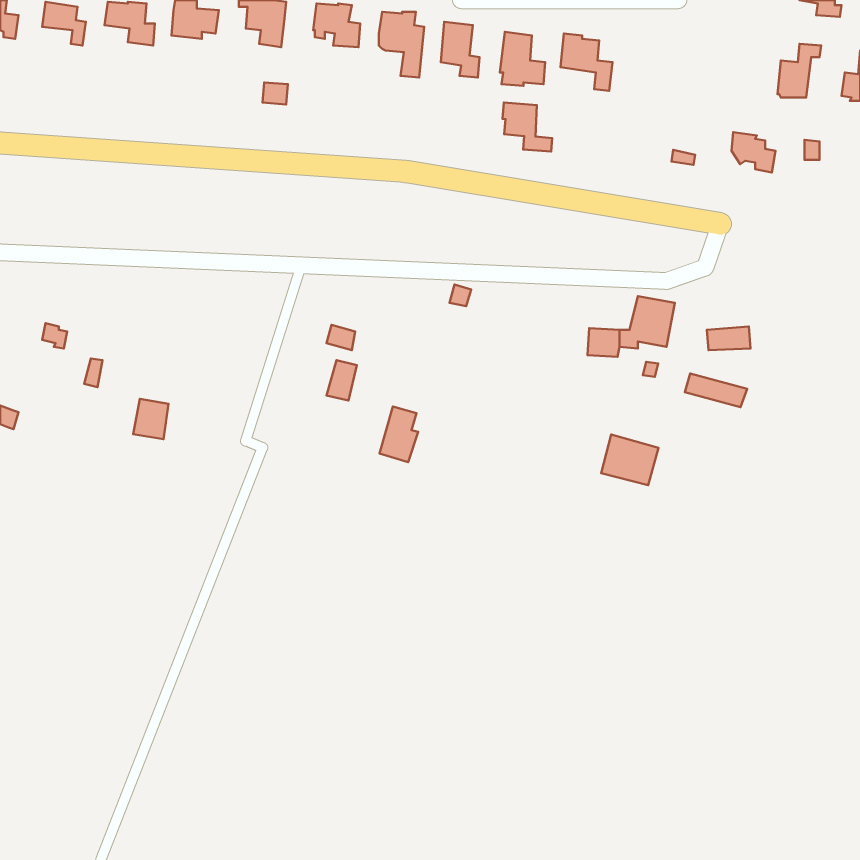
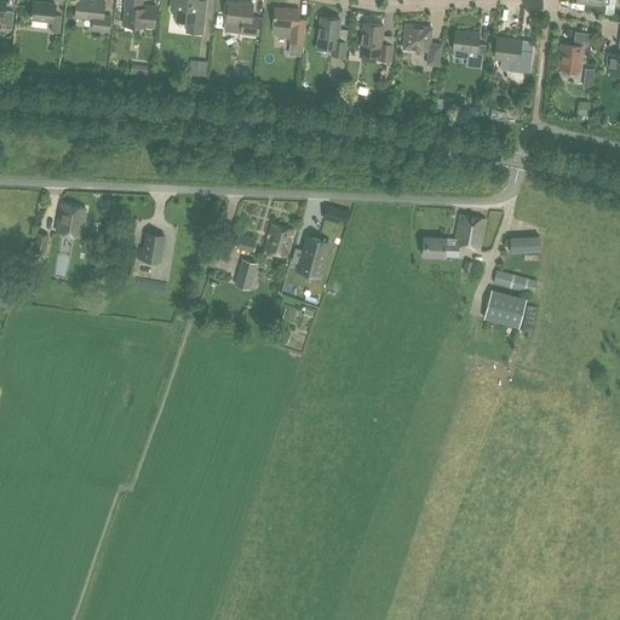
building: none -> [452,31,486,61]
building: [502,102,552,151] -> none
building: [732,132,775,173] -> [495,38,527,67]
building: none -> [56,203,86,235]
building: none -> [264,223,293,256]
building: [133,399,168,439] -> [138,232,163,262]
building: [379,406,418,462] -> [298,236,326,276]
building: [601,435,658,485] -> [484,289,526,326]

